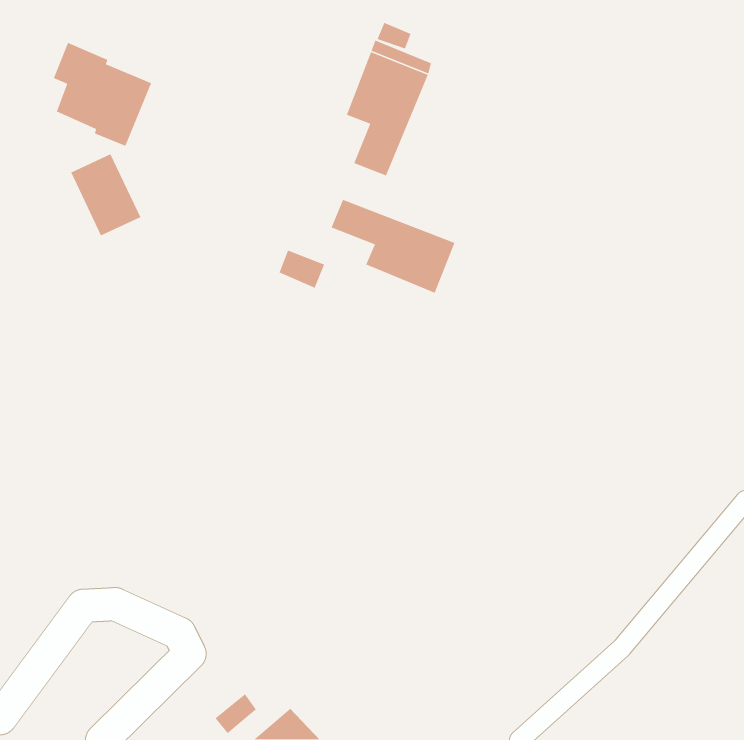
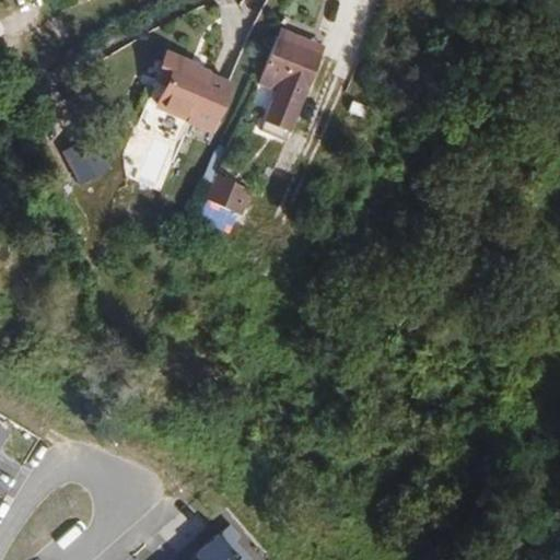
building: [53,42,152,147] -> [158,54,232,132]
building: [330,199,455,294] -> none

